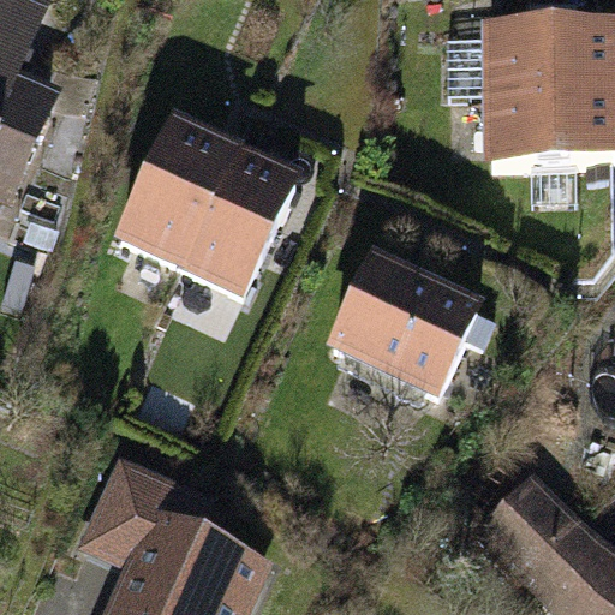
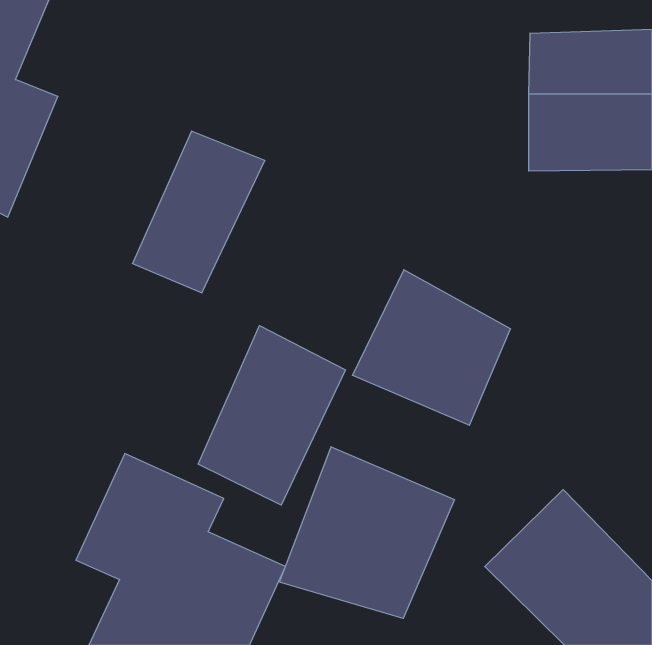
building: [189,150,301,304] -> none
building: none -> [198,326,346,505]
building: none -> [280,447,454,618]

